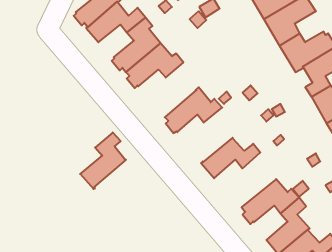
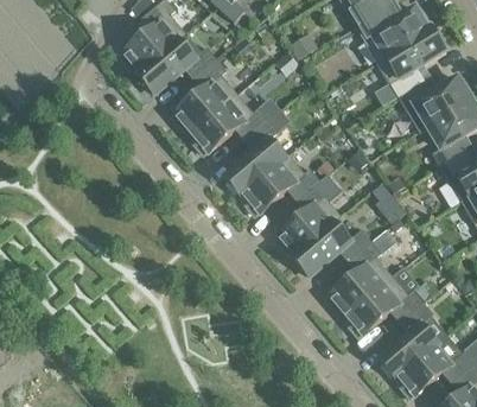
building: none -> [276,180,343,254]
building: [80,132,126,189] -> [225,120,287,196]
building: none -> [329,241,394,314]

